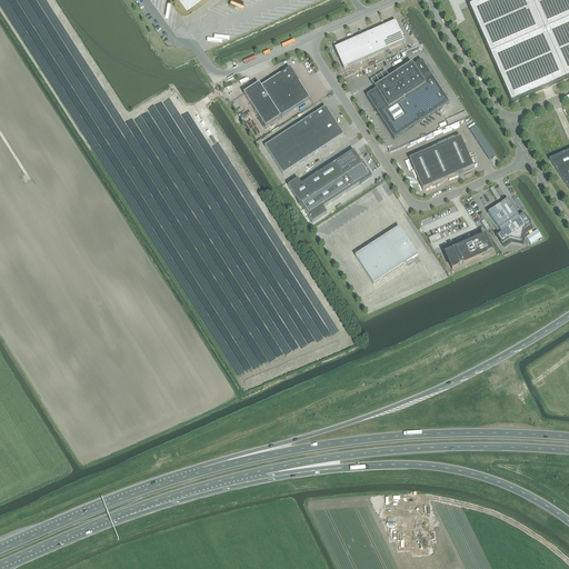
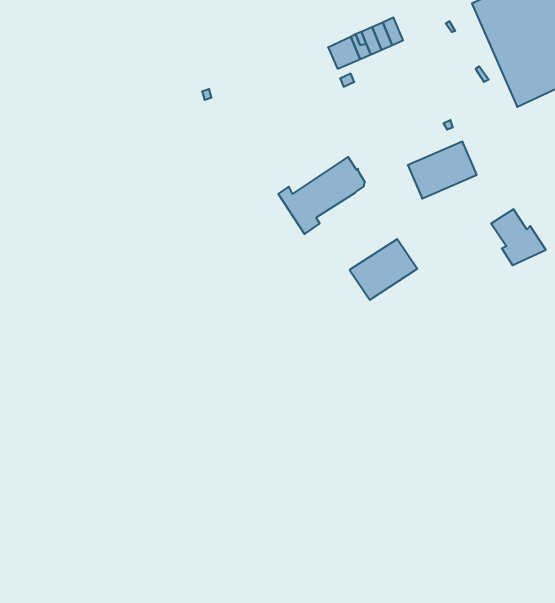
building: [367,57,449,134] -> none
building: [243,64,310,123] -> none
building: [264,103,343,170] -> none
building: [446,233,491,266] -> none

